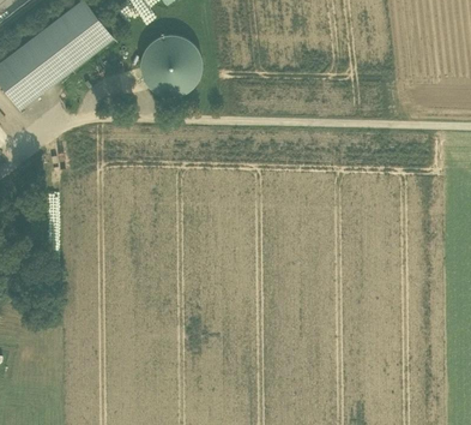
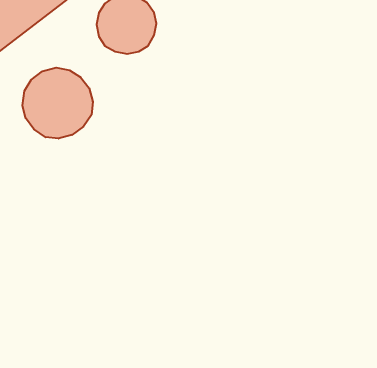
building: none -> [22,68,93,139]

